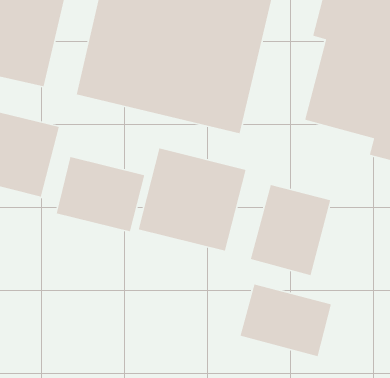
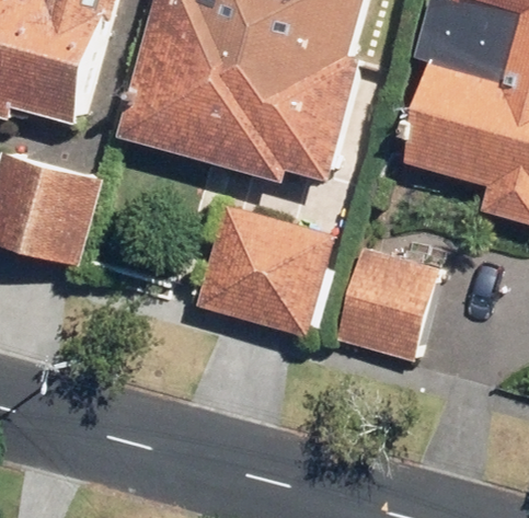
building: [56,156,145,232] -> none
building: [240,284,332,357] -> none

